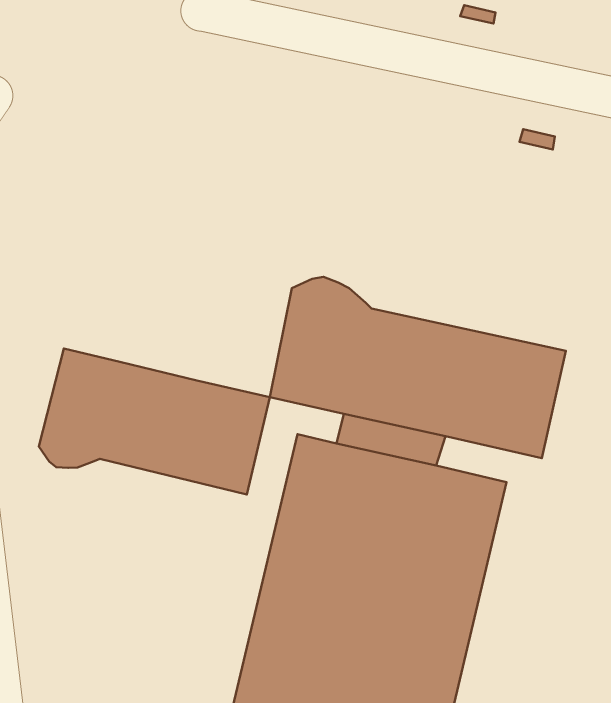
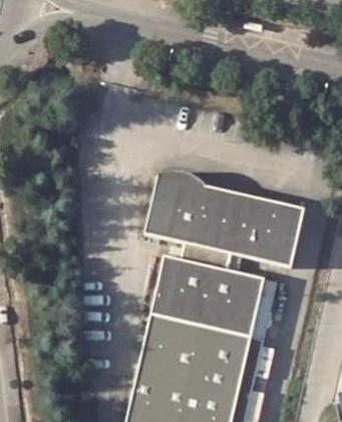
building: [39,348,270,494] -> none

